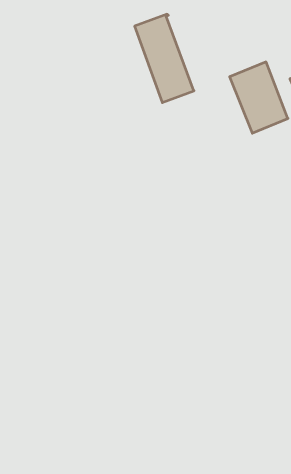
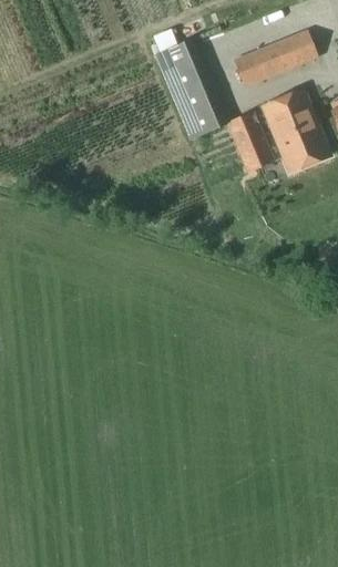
building: none -> [235,31,317,84]
building: none -> [226,111,274,173]

